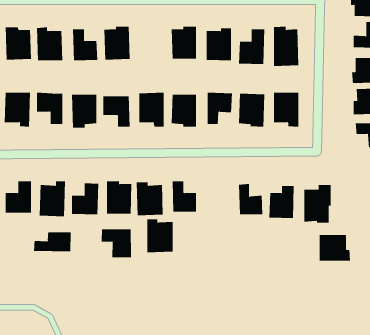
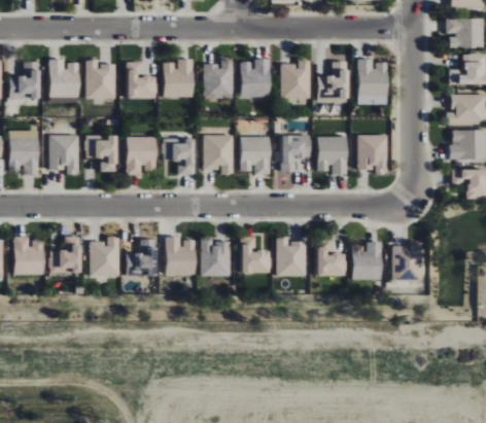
building: none -> [203,59,234,99]
building: [146,219,173,253] -> [276,238,307,277]
building: [101,229,131,258] -> none
building: [33,232,71,252] -> none
building: [319,234,351,261] -> none

